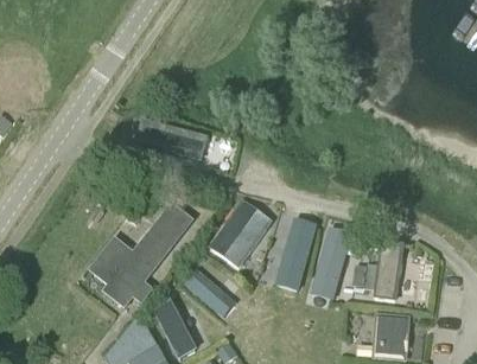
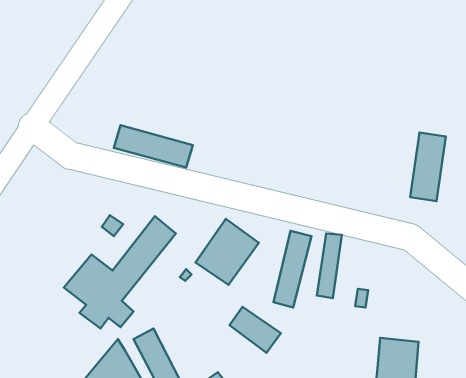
building: [373,238,405,300] -> [410,132,446,201]
building: [189,267,235,308] -> [229,307,281,353]

